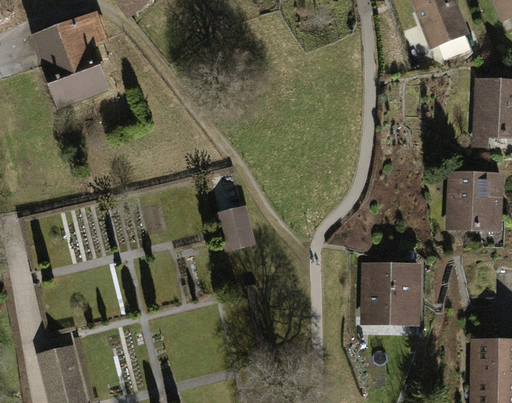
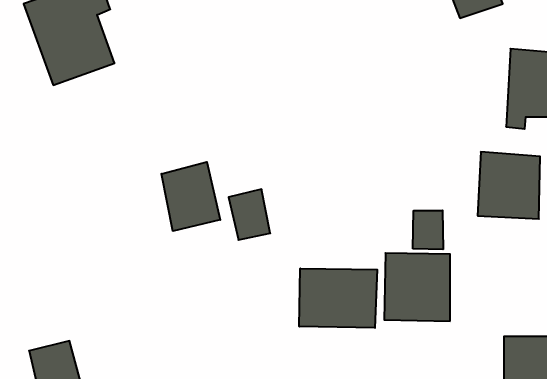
building: none -> [161,162,220,231]
building: none -> [413,210,443,249]
building: none -> [299,268,377,328]

